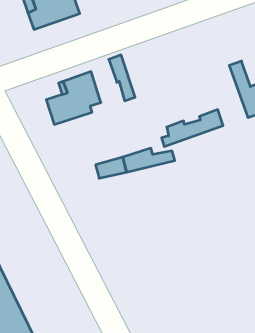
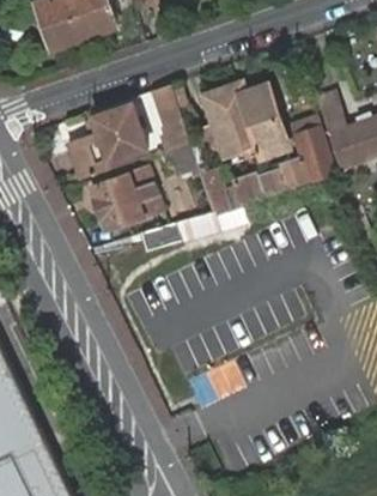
building: none -> [201,83,291,159]
building: none -> [294,127,333,183]
building: none -> [89,174,153,229]

